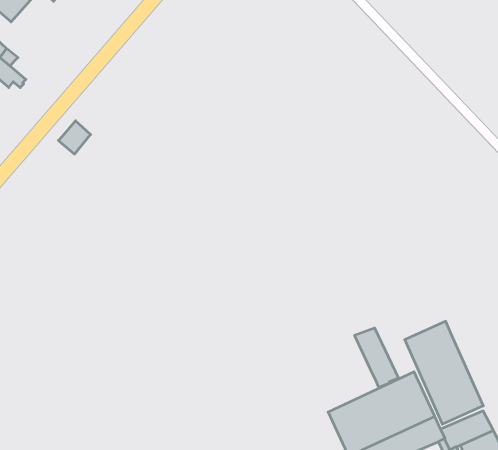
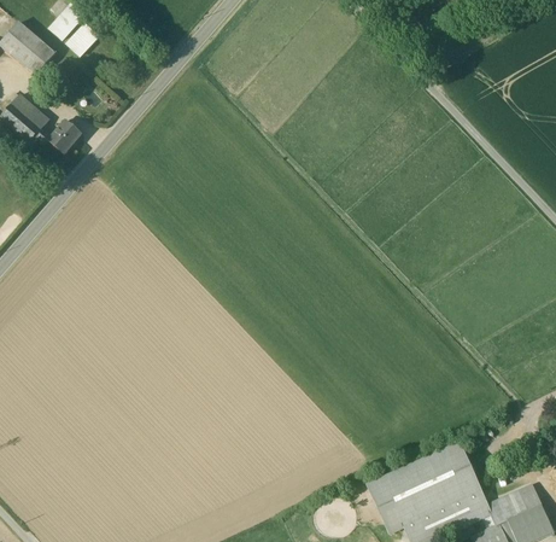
building: [58,121,91,154] -> [47,117,81,152]
building: [405,321,483,424] -> none
building: [355,328,398,387] -> none

